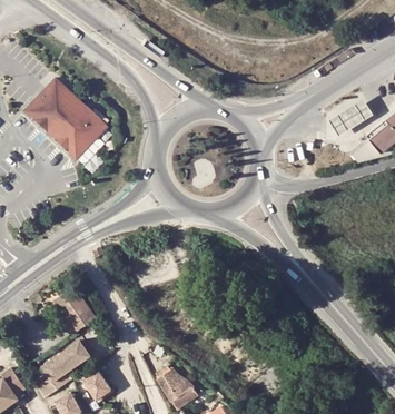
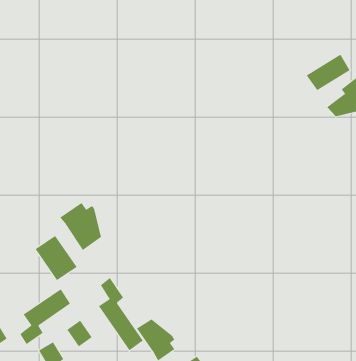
building: [24,79,105,158] -> none
building: none -> [59,202,101,251]
building: none -> [98,277,143,351]

